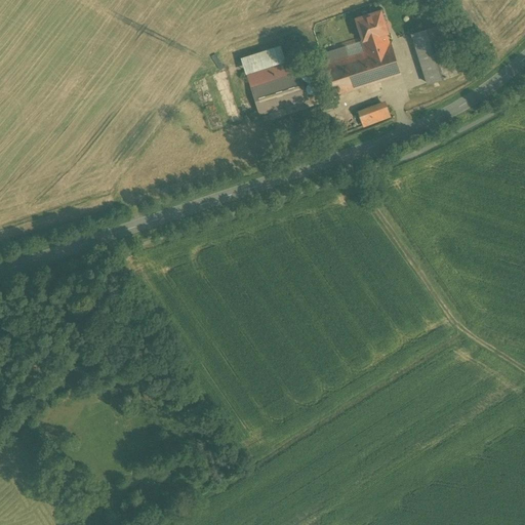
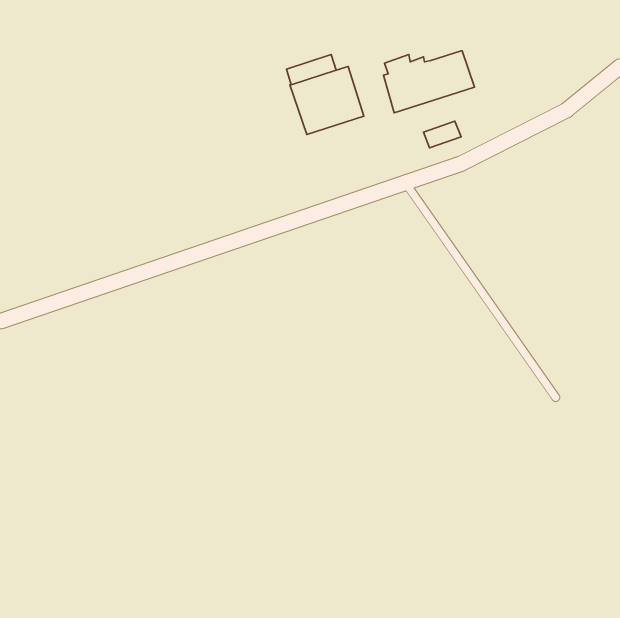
building: [355,10,390,52] -> none
building: [412,25,457,84] -> none

